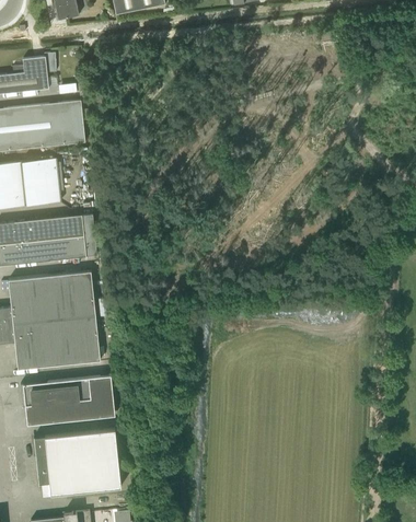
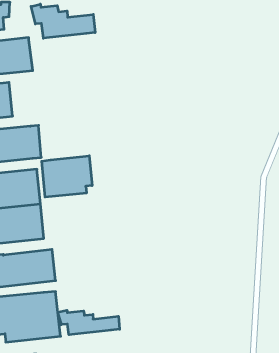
building: none -> [31,4,95,38]
building: none -> [42,156,92,197]
building: none -> [58,310,120,335]

